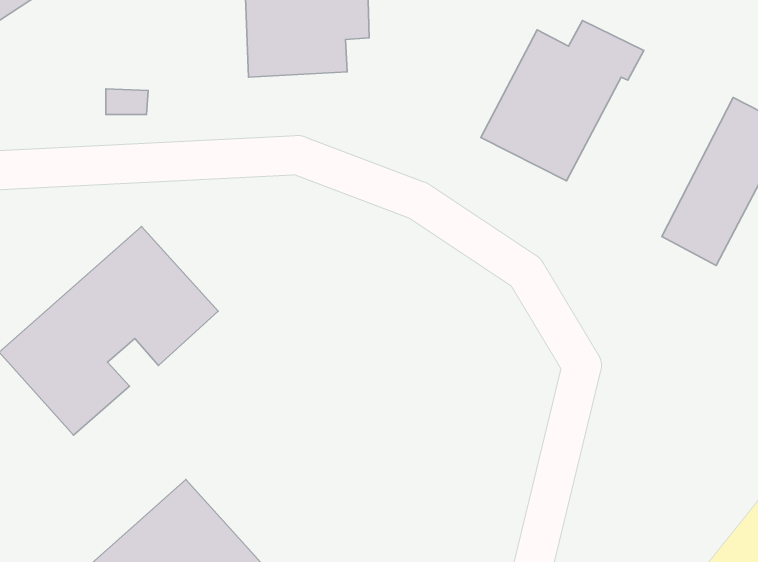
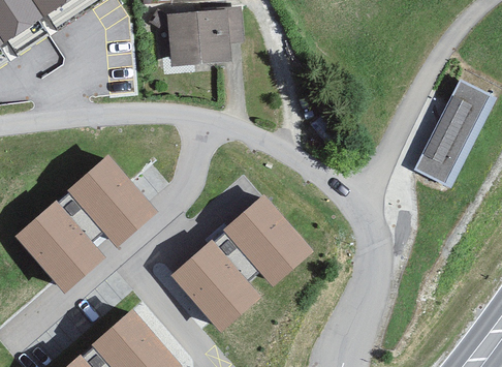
building: [481,21,644,181] -> none
building: none -> [175,197,309,326]

